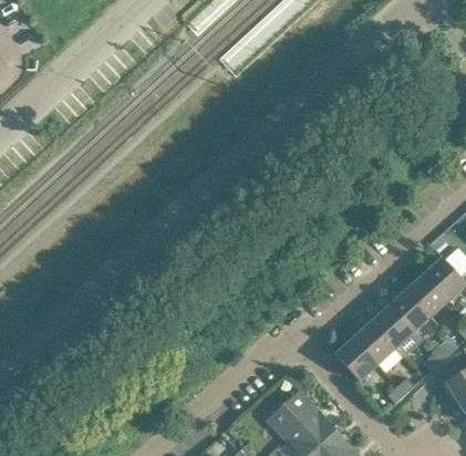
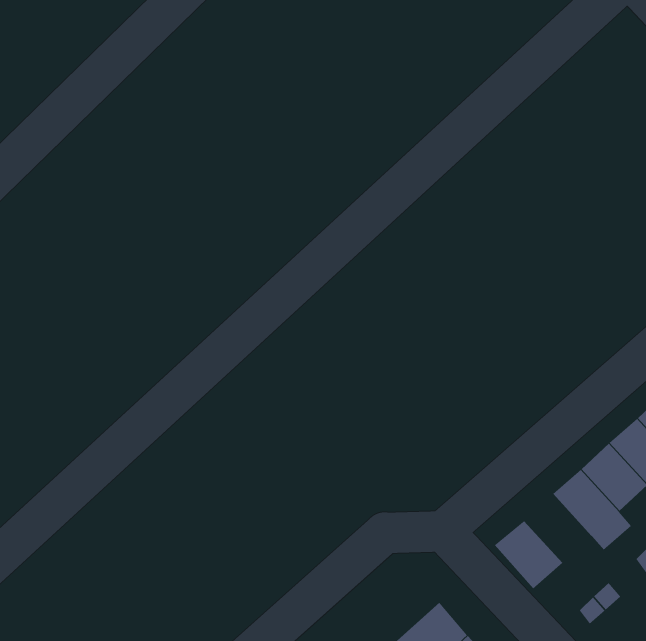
building: [353,322,395,365] -> none

